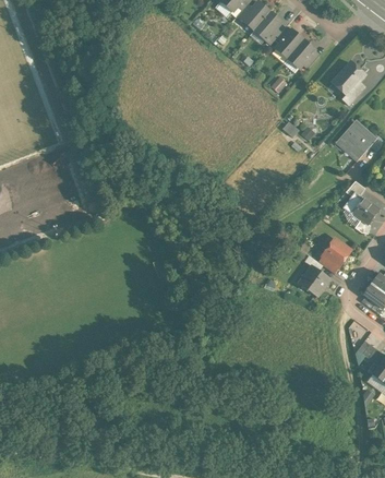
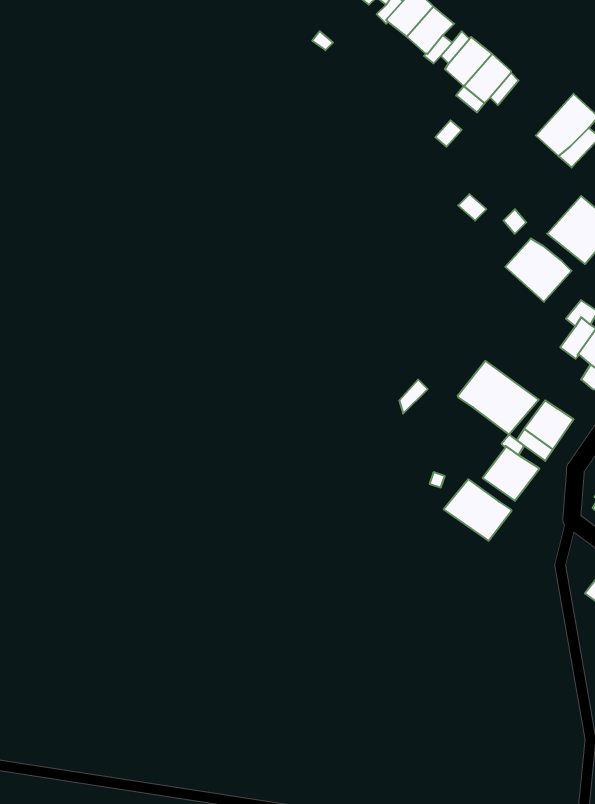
building: none -> [505,238,572,302]
building: none -> [458,361,539,434]
building: none -> [444,479,511,541]

